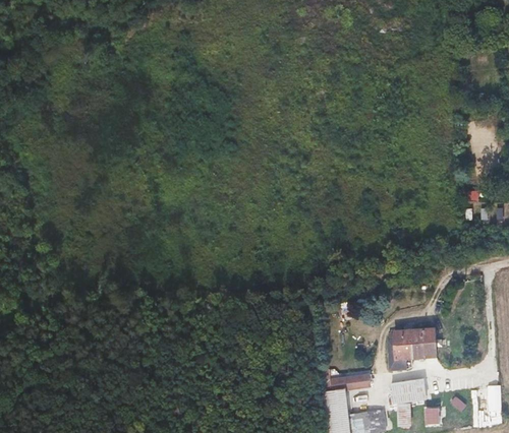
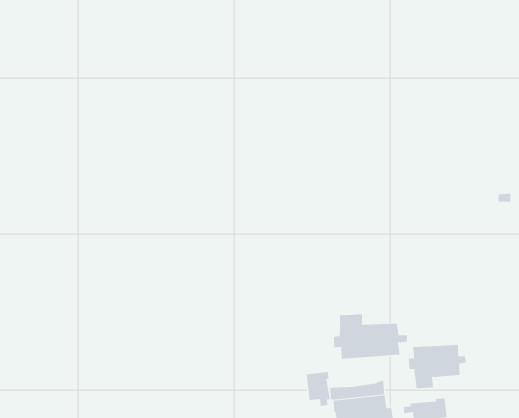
building: none -> [334,313,408,359]
building: none -> [306,371,330,407]

